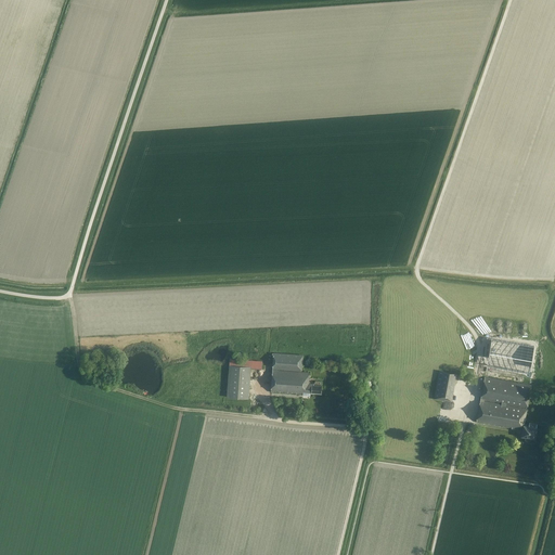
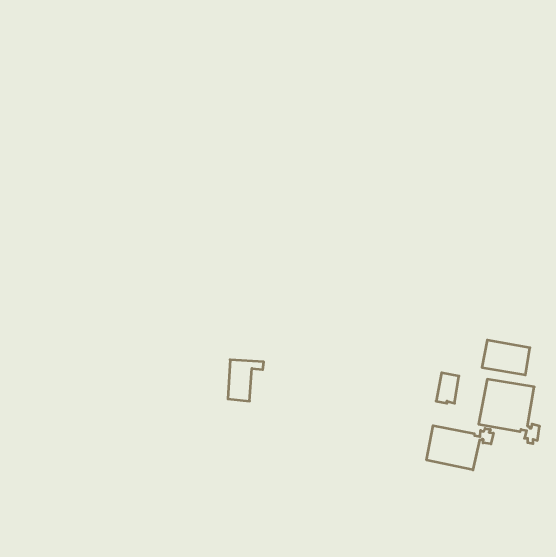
building: [272,353,322,395] -> none
building: none -> [427,426,493,470]

